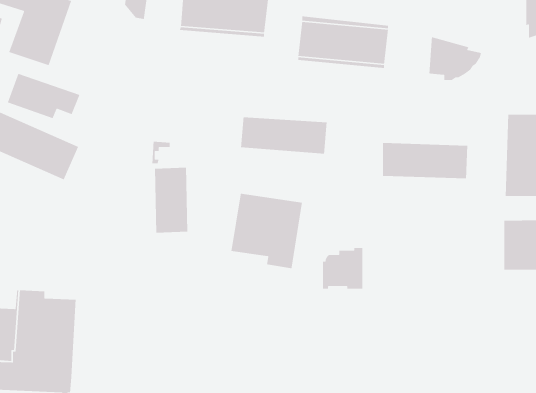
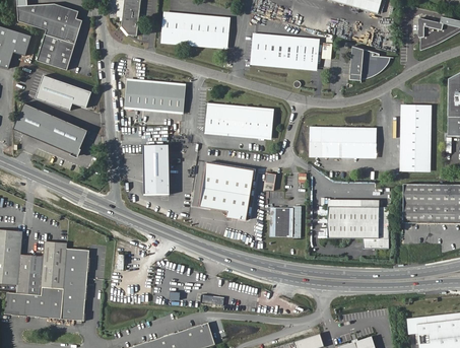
building: none -> [128,80,186,111]
building: none -> [325,205,387,249]

